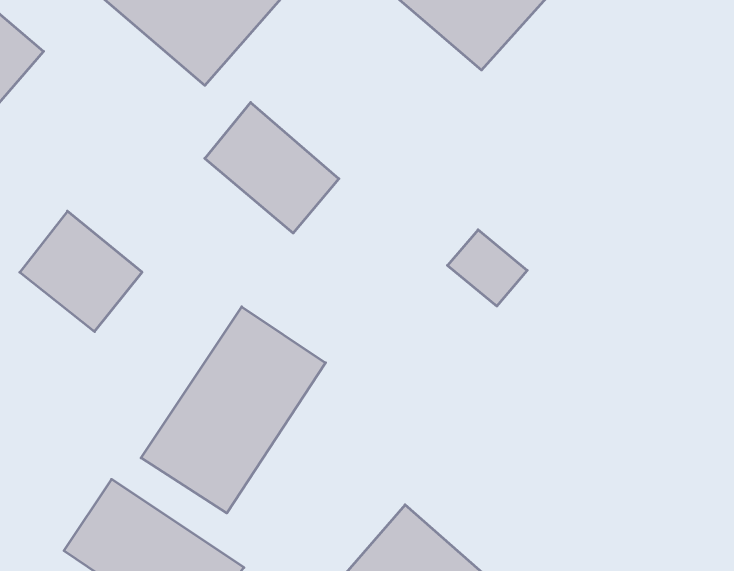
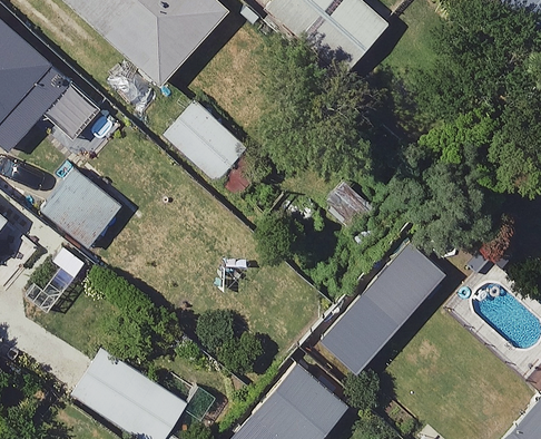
building: [141,307,326,513] -> none
building: none -> [322,241,447,373]

